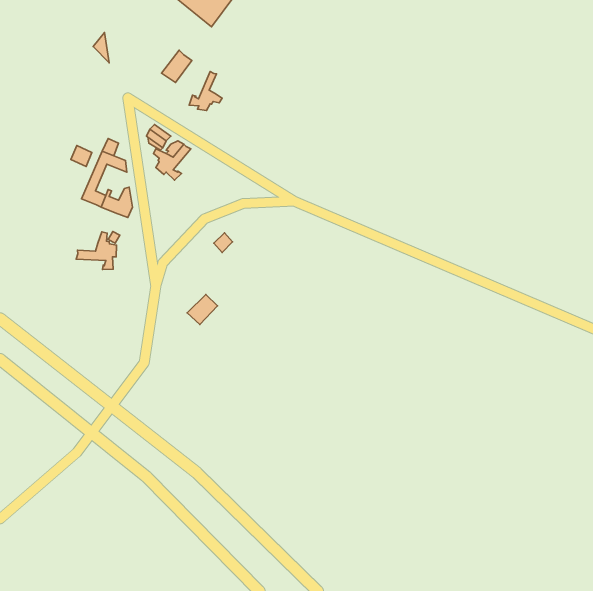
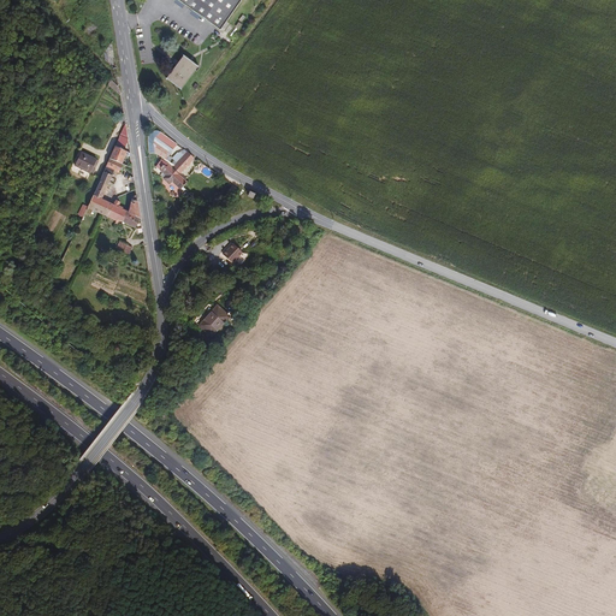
building: [189,72,222,111] -> none
building: [76,232,117,270] -> none

